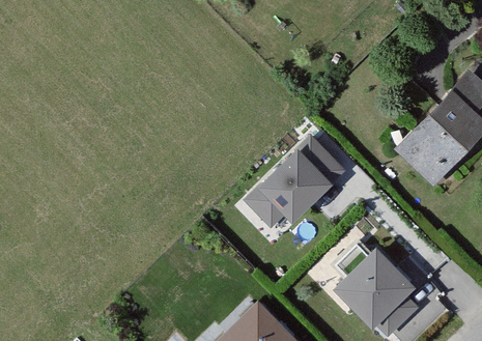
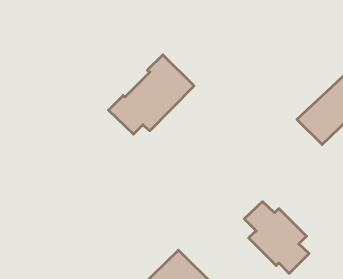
building: [243,133,345,228] -> [108,55,194,134]

